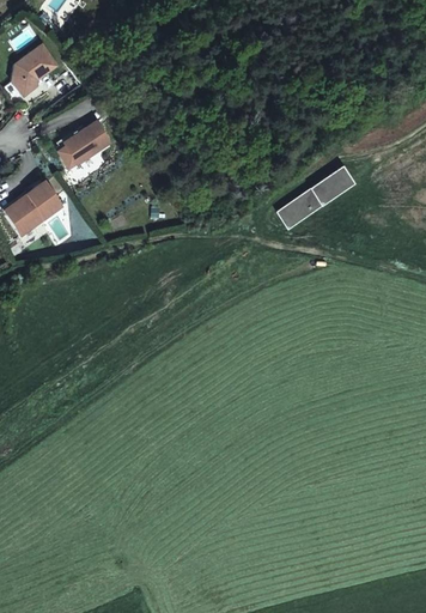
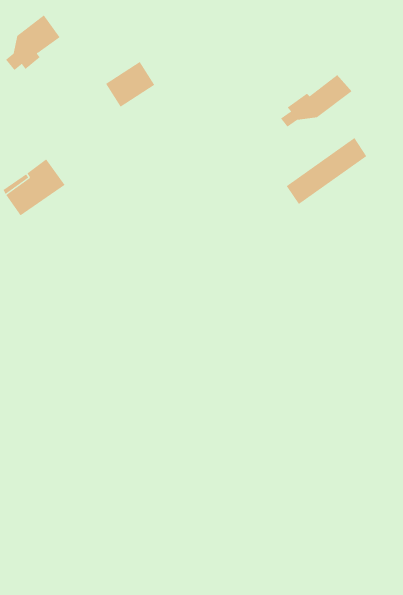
building: none -> [280,74,353,128]
building: [63,121,111,165] -> [105,61,155,108]

